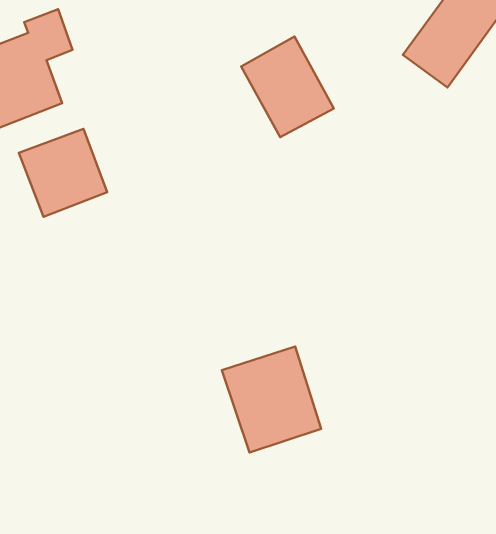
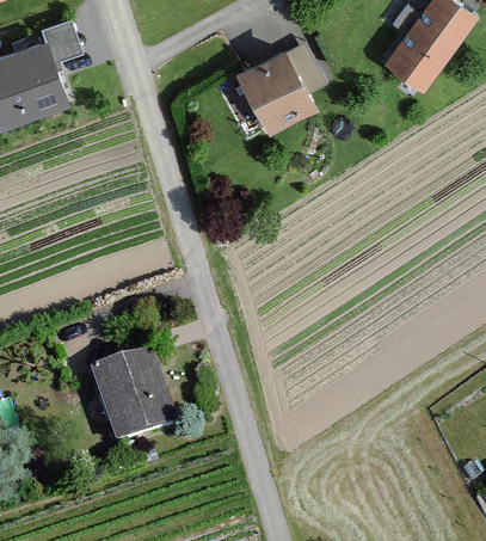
building: [19,129,107,217] -> none
building: [222,347,321,452] -> [87,356,178,453]

